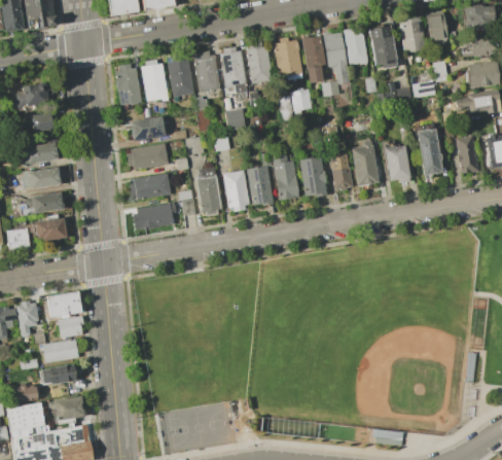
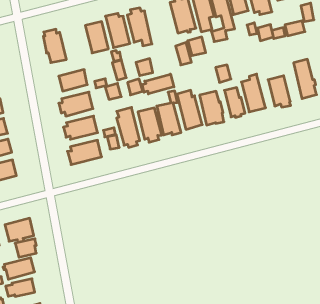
building: [246,46,272,83] -> none
building: [141,59,169,101] -> none
building: none -> [142,74,174,94]

